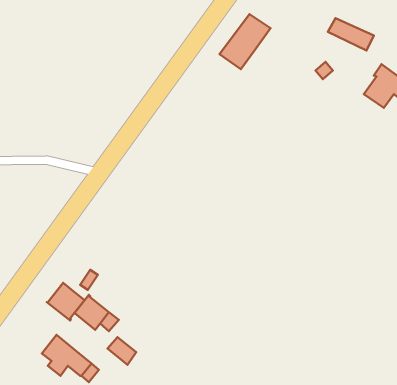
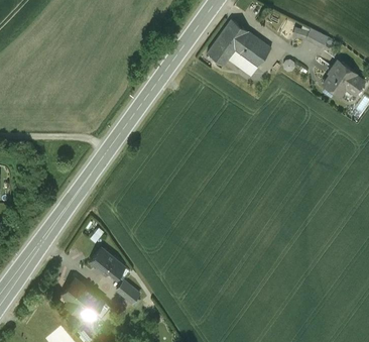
building: none -> [235,31,281,66]
building: [47,283,84,321] -> none

